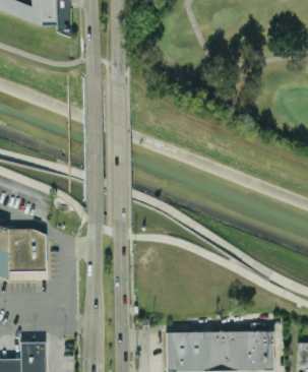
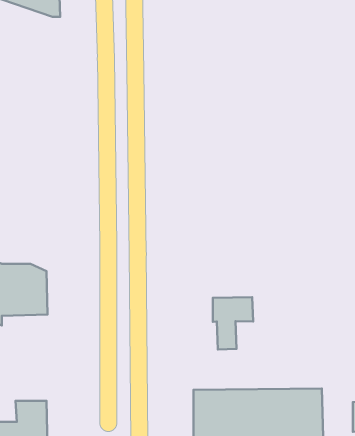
building: none -> [213,297,253,350]

